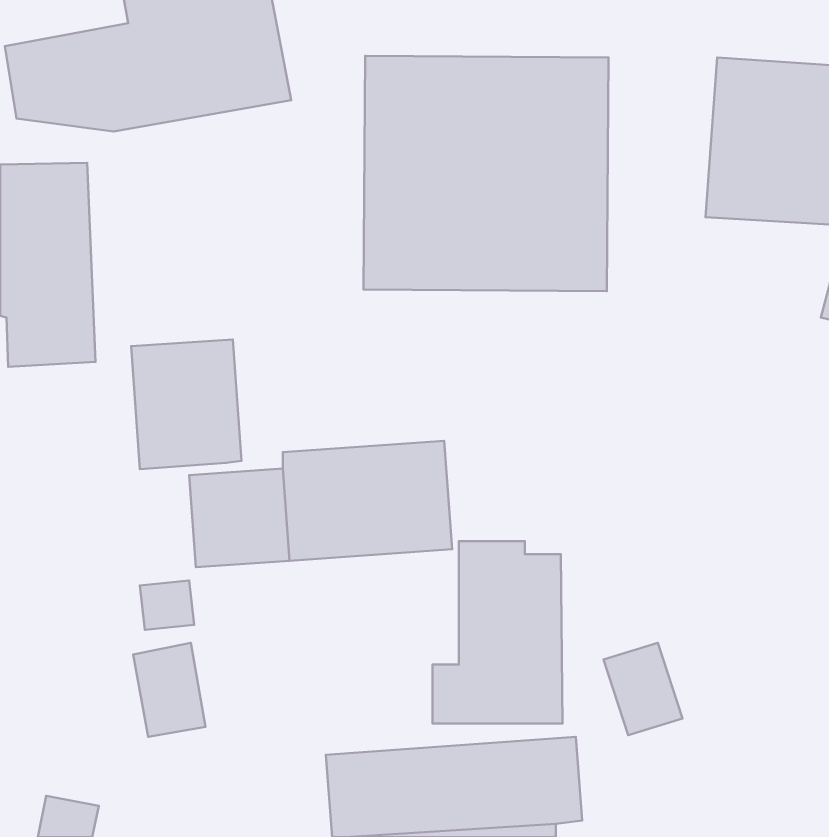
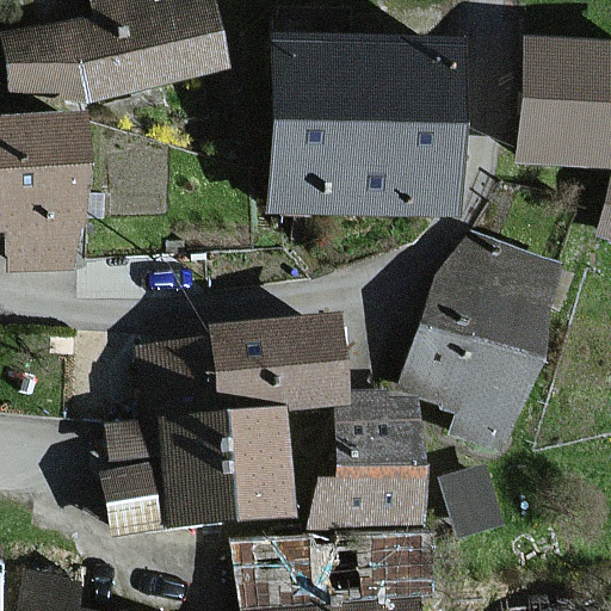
building: none -> [405,234,562,445]
building: [131,340,242,469] -> none
building: none -> [165,412,290,525]

